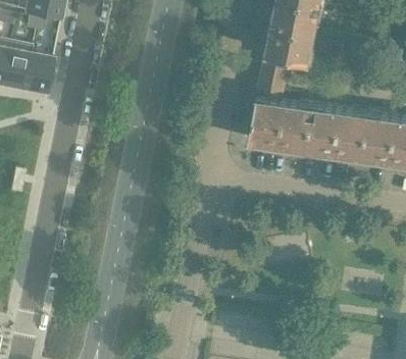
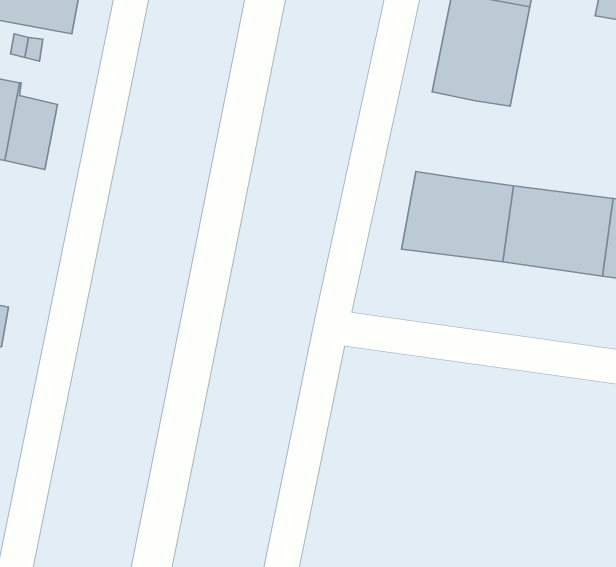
building: [255,55,289,104] -> none

